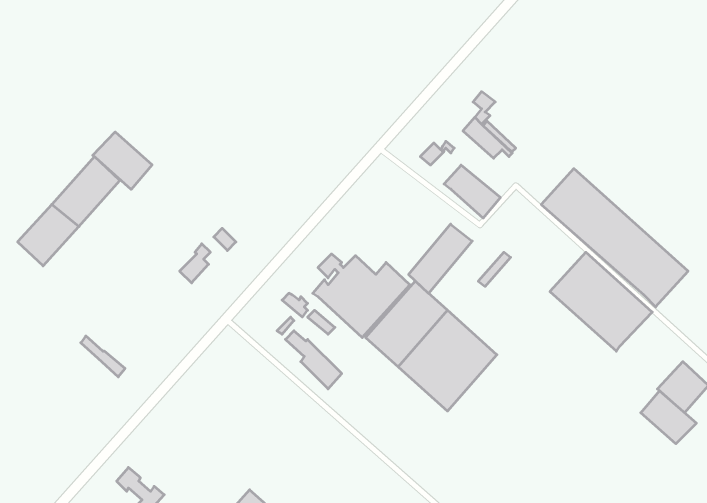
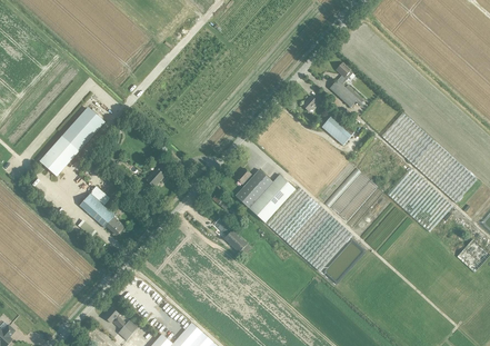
building: [93,132,152,189] -> none
building: [409,224,472,293] -> none
building: none -> [80,185,124,235]
building: [641,391,696,444] -> none

